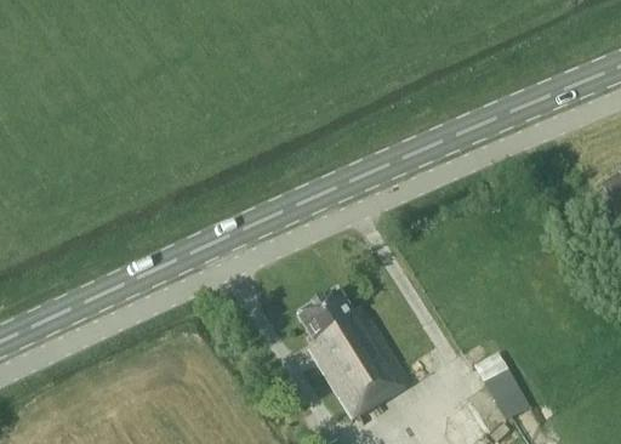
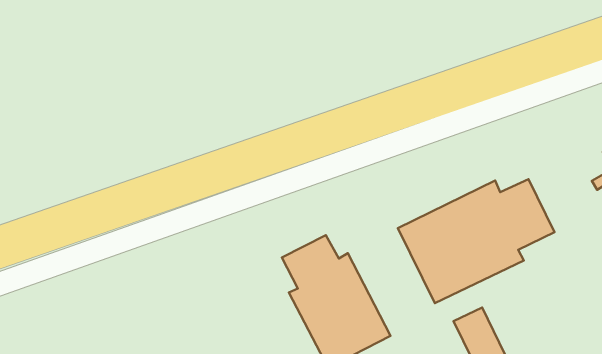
building: none -> [398,179,555,303]

